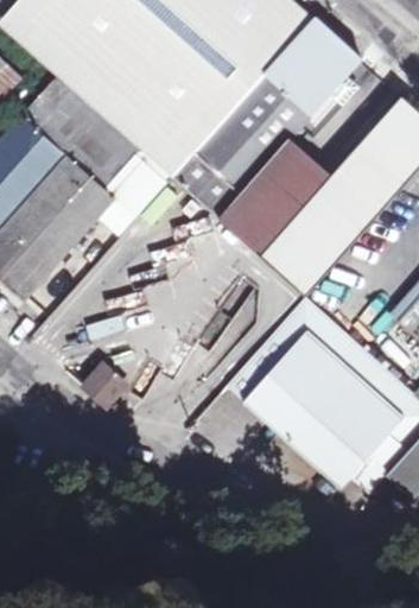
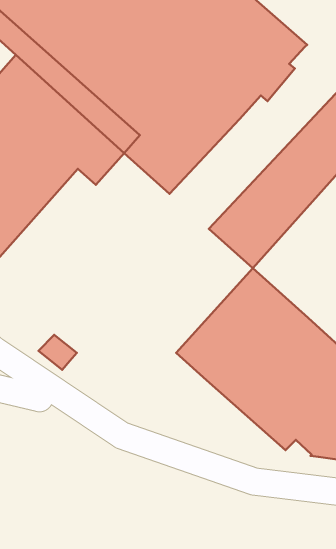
building: [218,140,334,255] -> none

